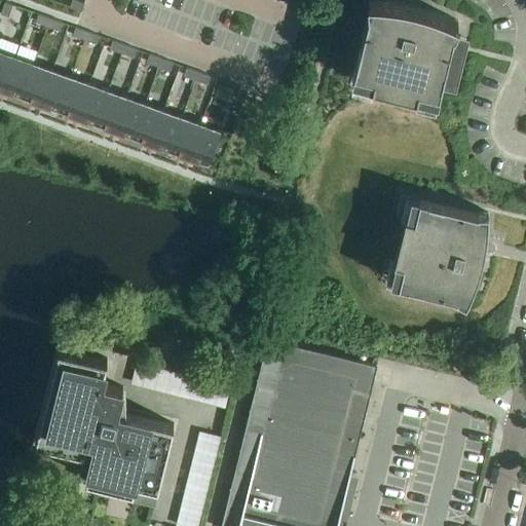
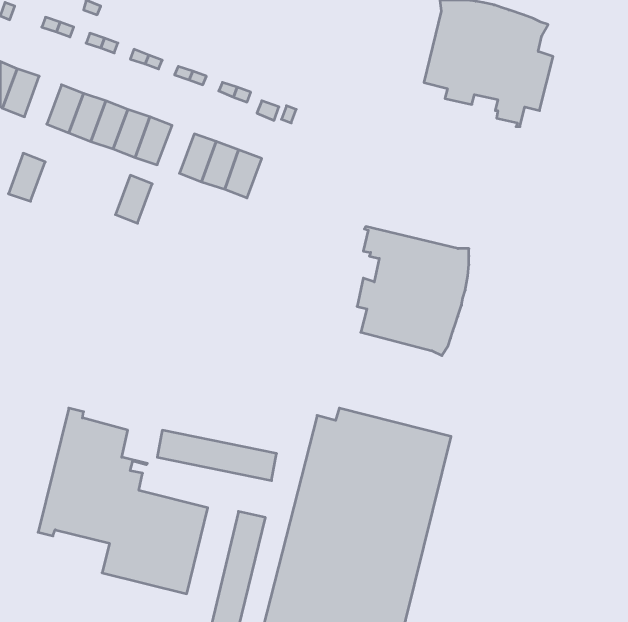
building: [21,69,51,109] -> [8,153,45,201]
building: [132,110,162,150] -> [115,175,152,223]
building: [394,199,488,307] -> [357,227,469,356]

